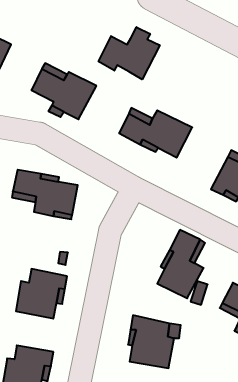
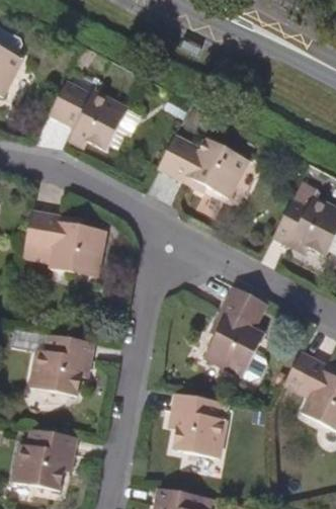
building: [99,27,160,79] -> none

